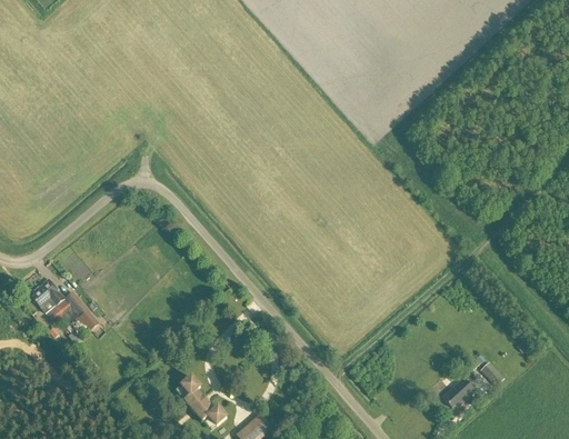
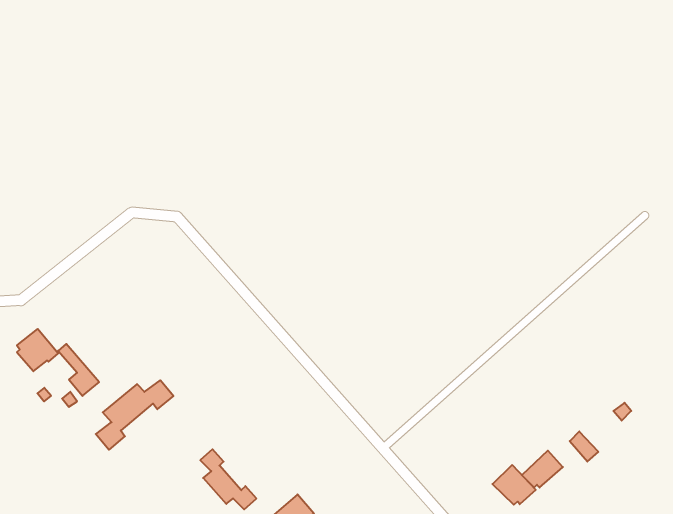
building: none -> [96,380,173,450]
building: none -> [492,465,536,505]

